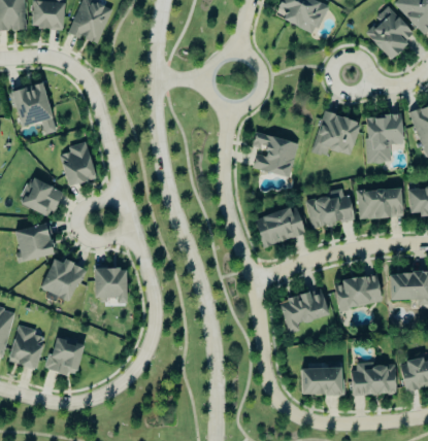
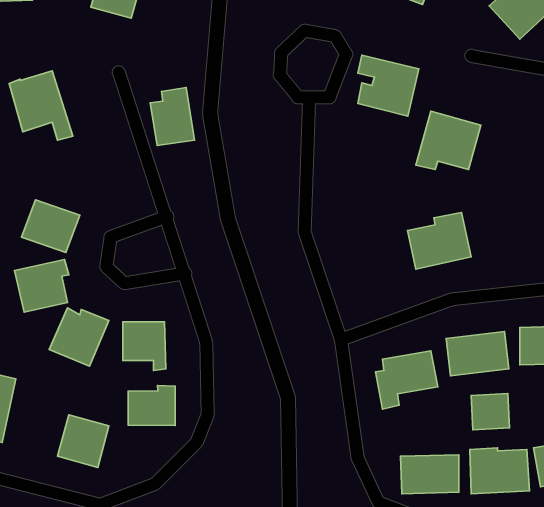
building: [365,114,402,162] -> none
building: [253,132,298,177] -> [358,55,419,116]
building: [61,141,94,184] -> [150,87,195,146]
building: [357,188,402,218] -> none
building: [254,205,304,247] -> none
building: none -> [128,386,175,425]
building: none -> [471,393,509,430]
building: [7,324,44,369] -> none

